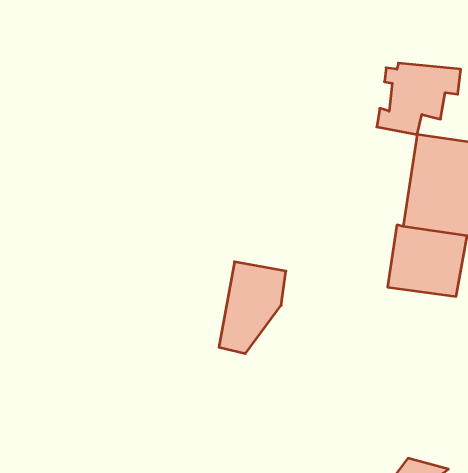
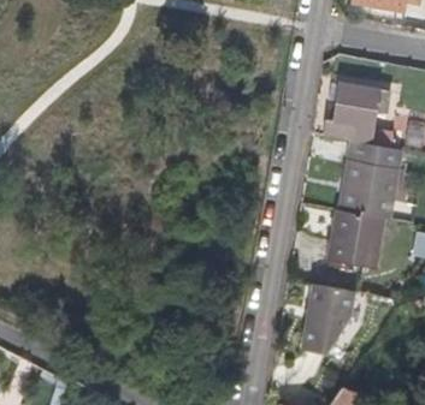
building: [219,262,286,354] -> [302,286,354,357]

